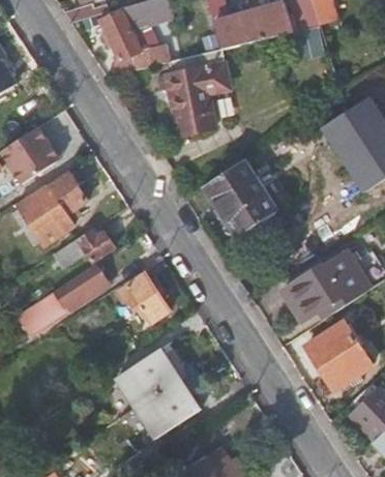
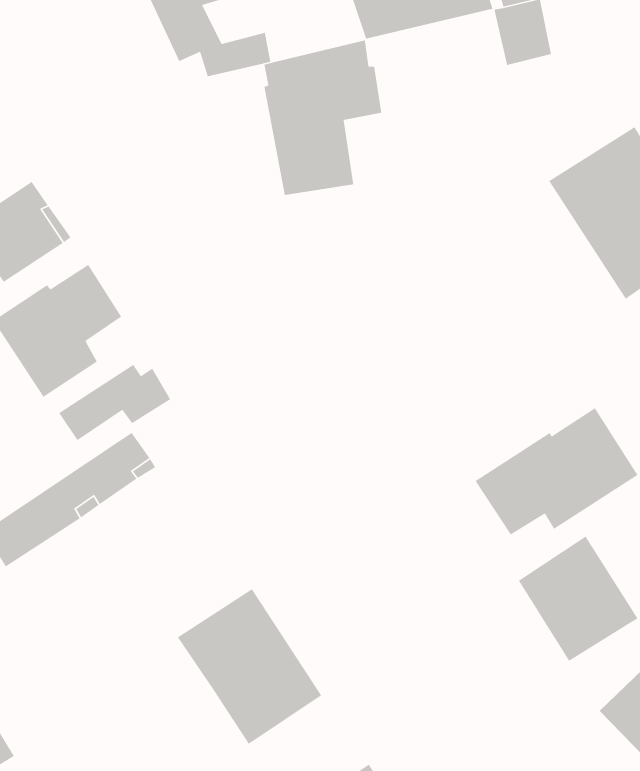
building: [206,159,276,236] -> none
building: [116,273,170,320] -> none

